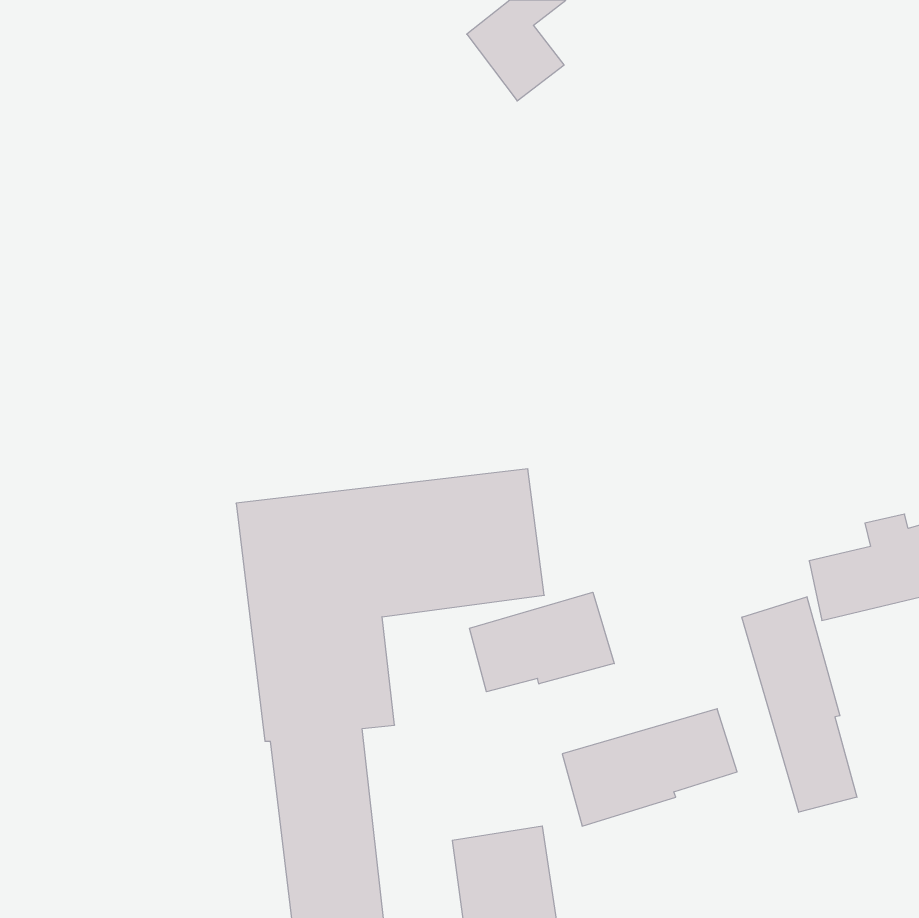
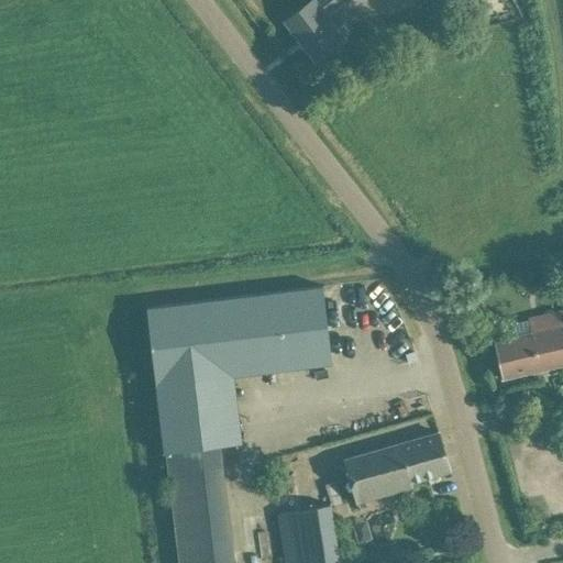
building: [469,592,614,692] -> none
building: [742,597,857,812] -> none

